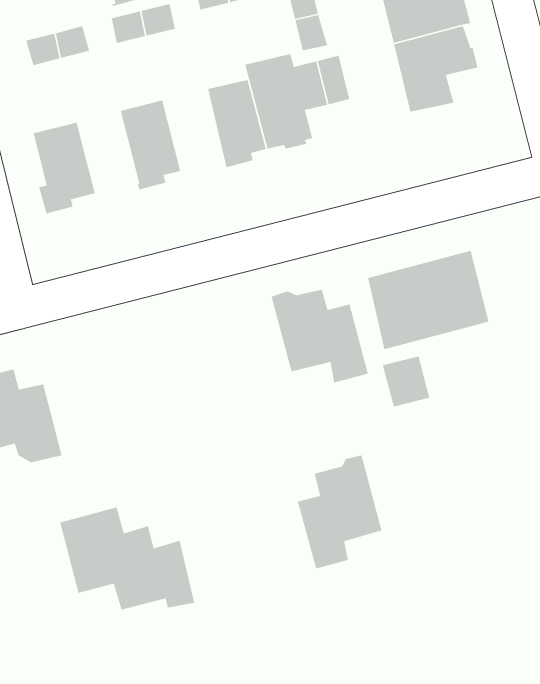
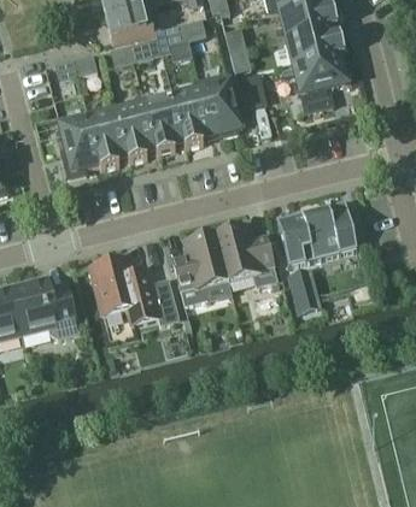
building: none -> [143,95,183,154]
building: none -> [88,110,128,169]
building: [297,455,382,570] -> [171,230,227,305]
building: [41,507,195,610] -> [77,257,177,324]

